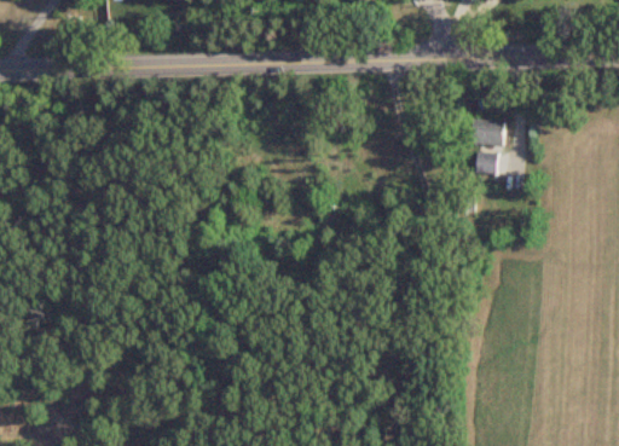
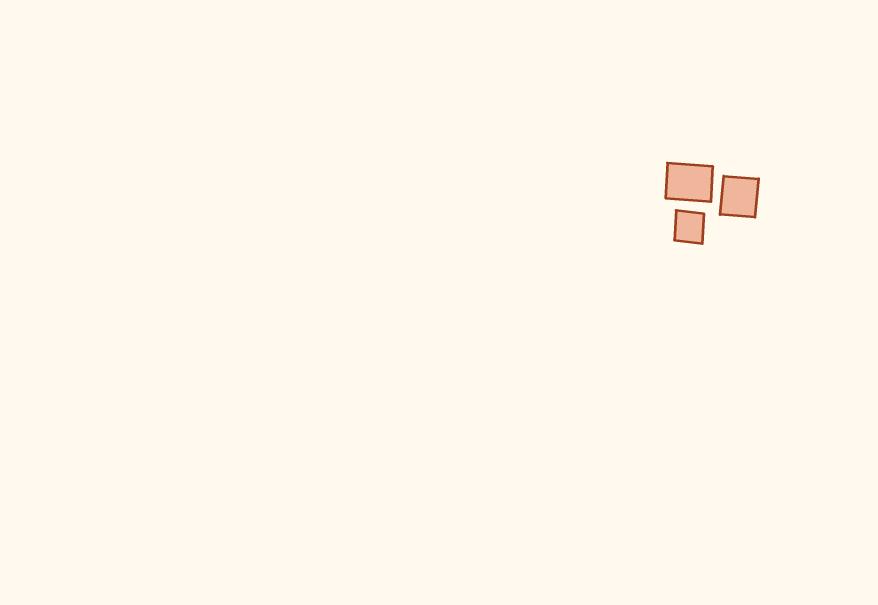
building: none -> [720,176,759,217]

